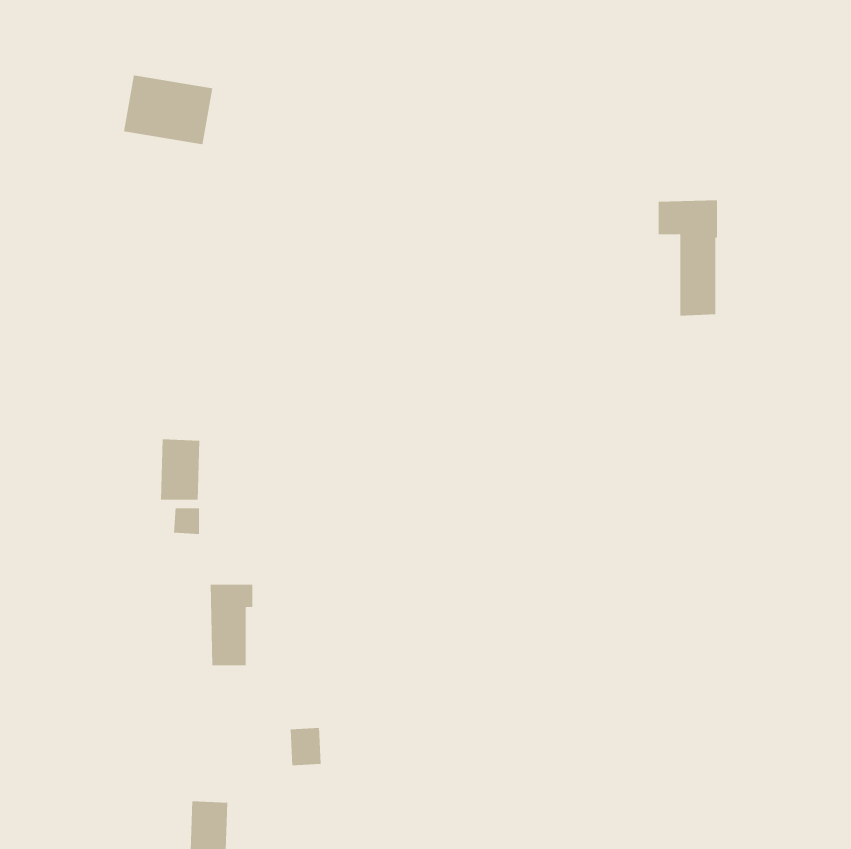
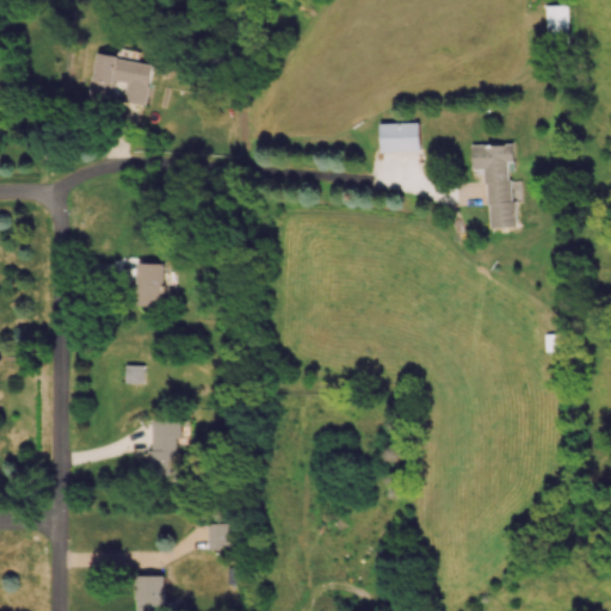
building: none -> [545,6,568,35]
building: none -> [379,123,420,152]
building: [160,439,200,500] -> [136,263,165,307]

